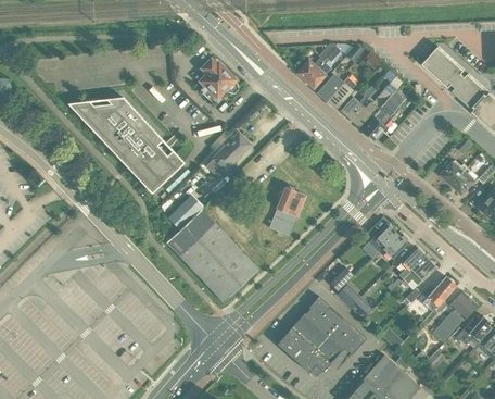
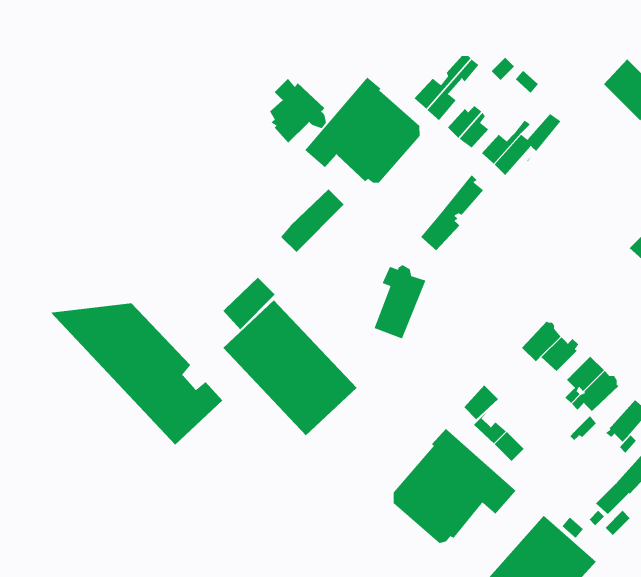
building: none -> [304,77,421,184]
building: [361,88,405,140] -> [420,174,484,251]
building: [67,97,185,194] -> [50,302,223,445]

